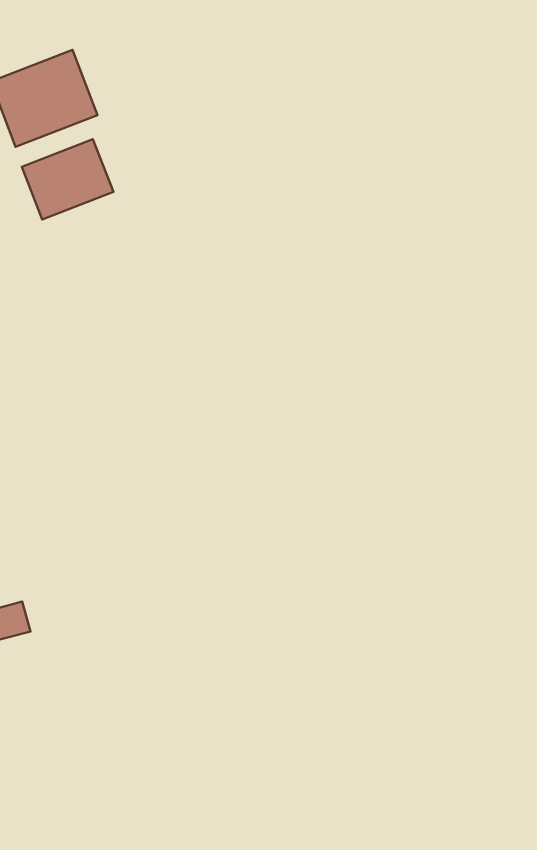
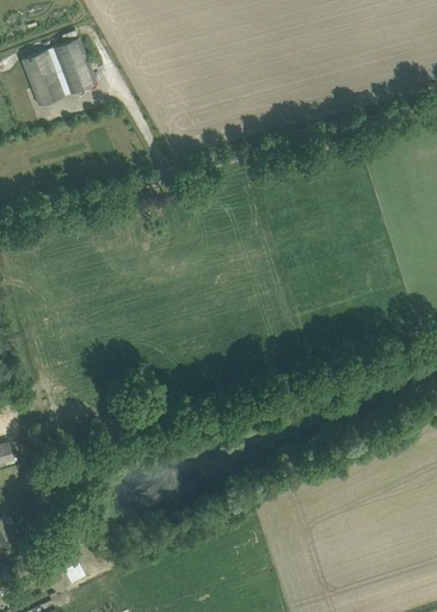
building: [22,139,114,219] -> none

